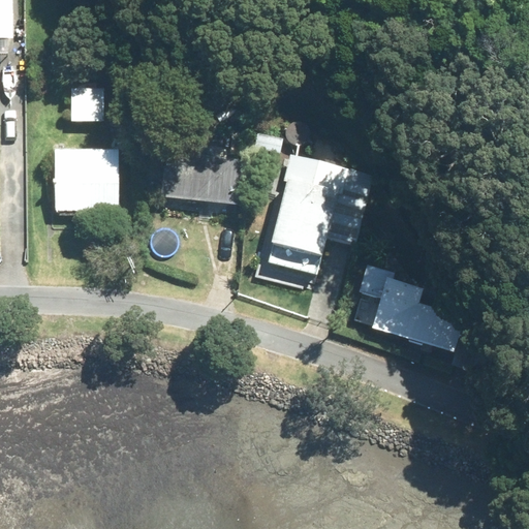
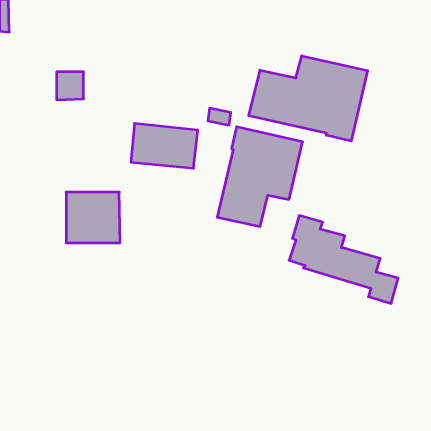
building: none -> [249,56,368,141]
building: [53,149,119,211] -> [66,192,120,243]

